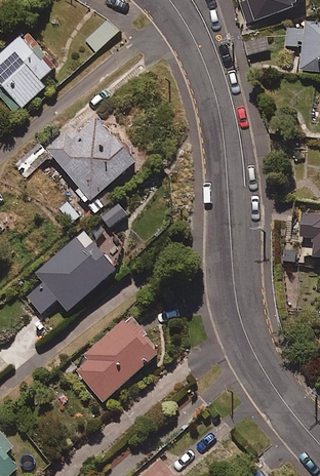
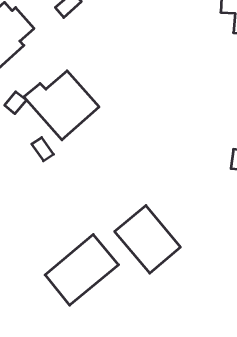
building: [24,230,117,314] -> none
building: none -> [115,205,180,273]

